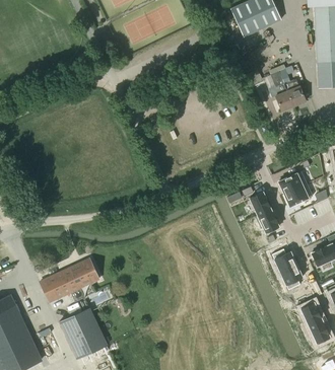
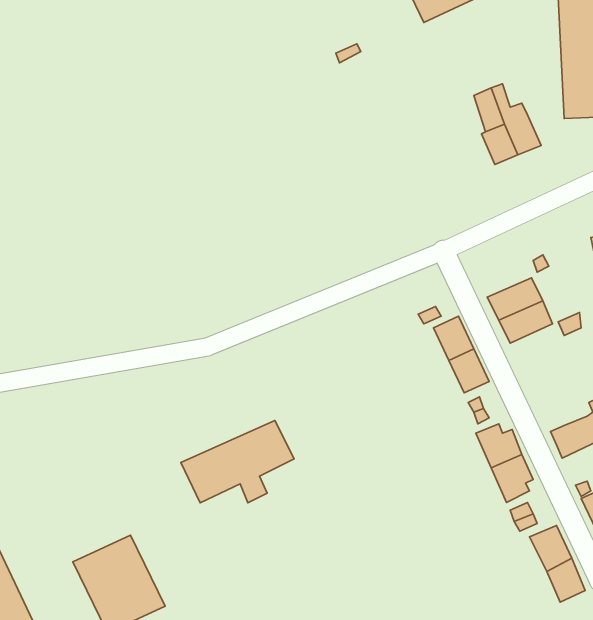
building: [40,258,99,302] -> [181,420,294,503]

